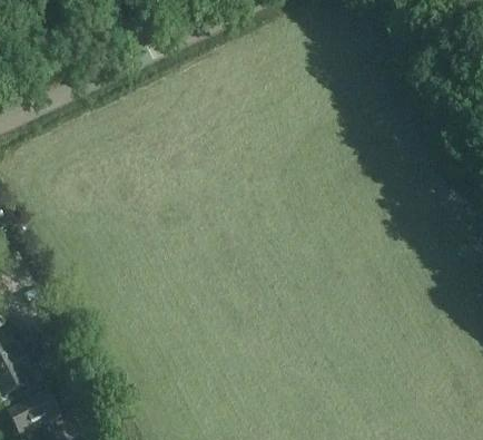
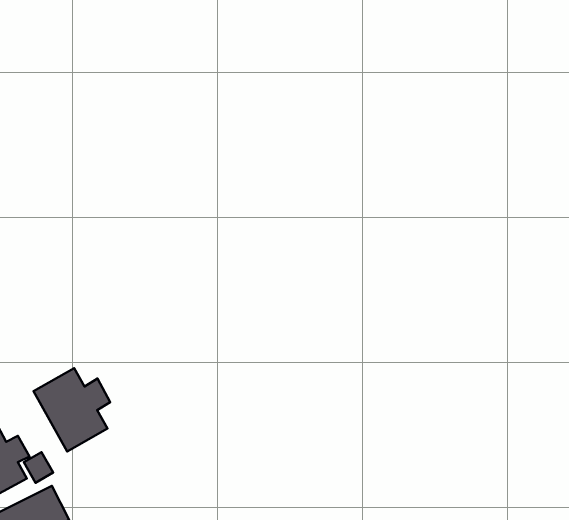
building: none -> [34,368,110,452]

